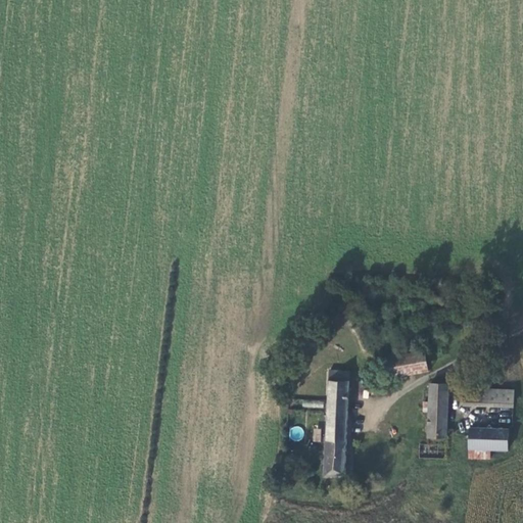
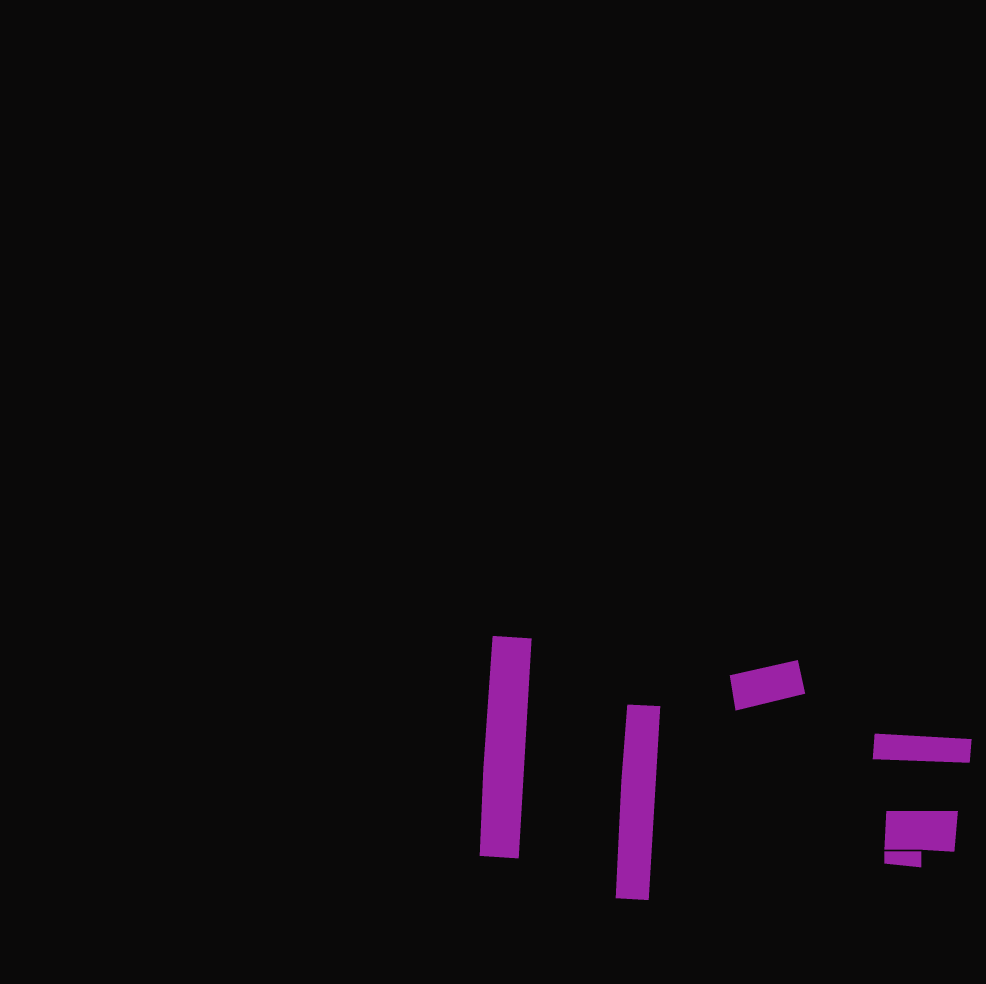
building: none -> [479,635,532,859]
building: [423,380,447,436] -> none

